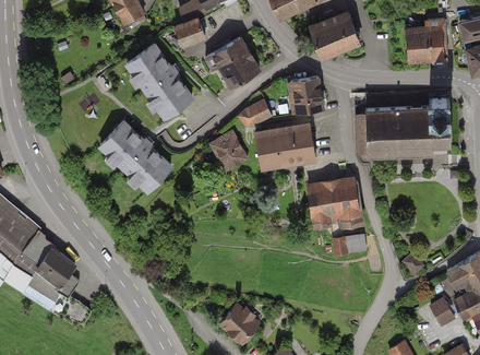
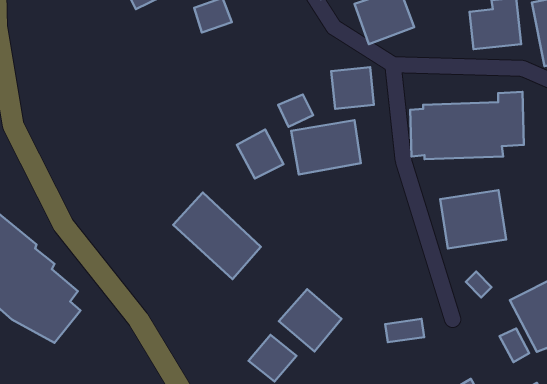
building: [208,36,260,88] -> none
building: [123,44,194,120] -> none
building: [98,121,172,194] -> [173,192,261,279]
building: [305,176,361,225] -> [440,190,506,248]
building: [333,234,365,253] -> [385,319,424,342]
building: none -> [279,289,342,351]

